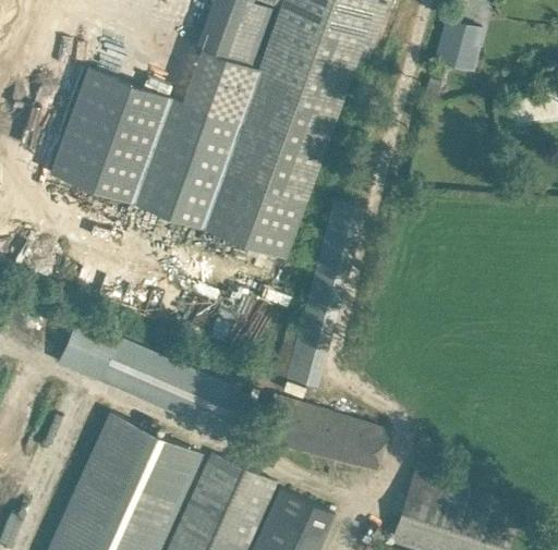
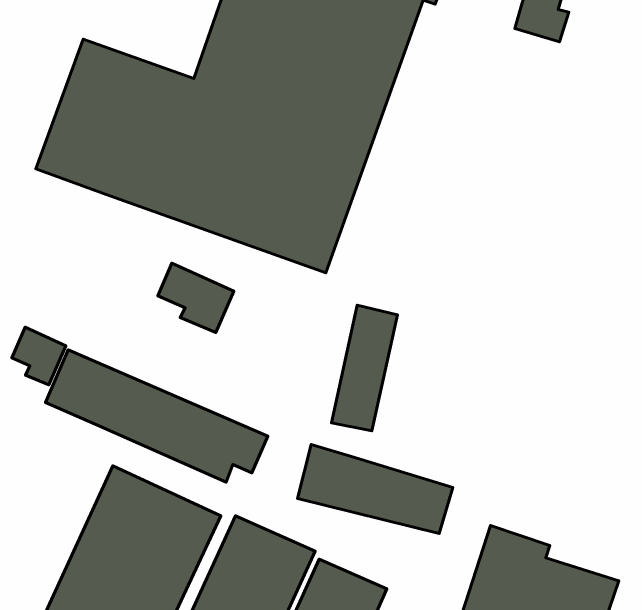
building: none -> [158,263,234,332]
building: none -> [12,327,66,385]

